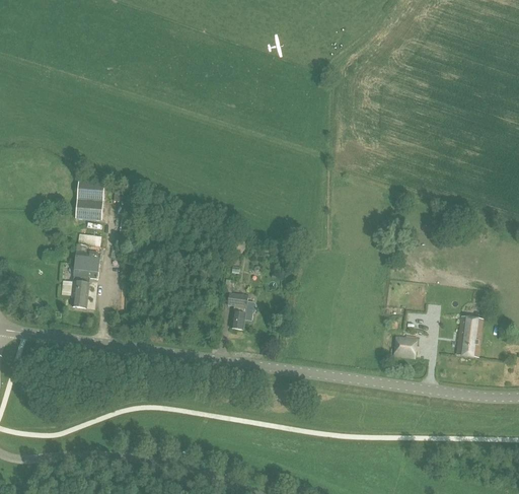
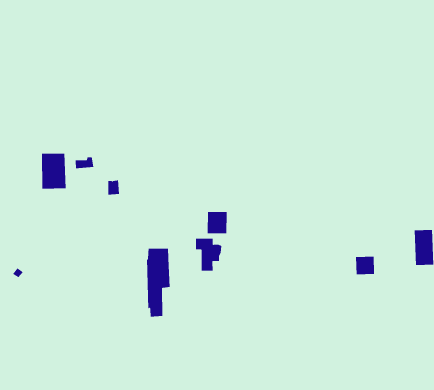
building: [70,233,101,307] -> [146,248,170,317]
building: none -> [207,211,227,234]

